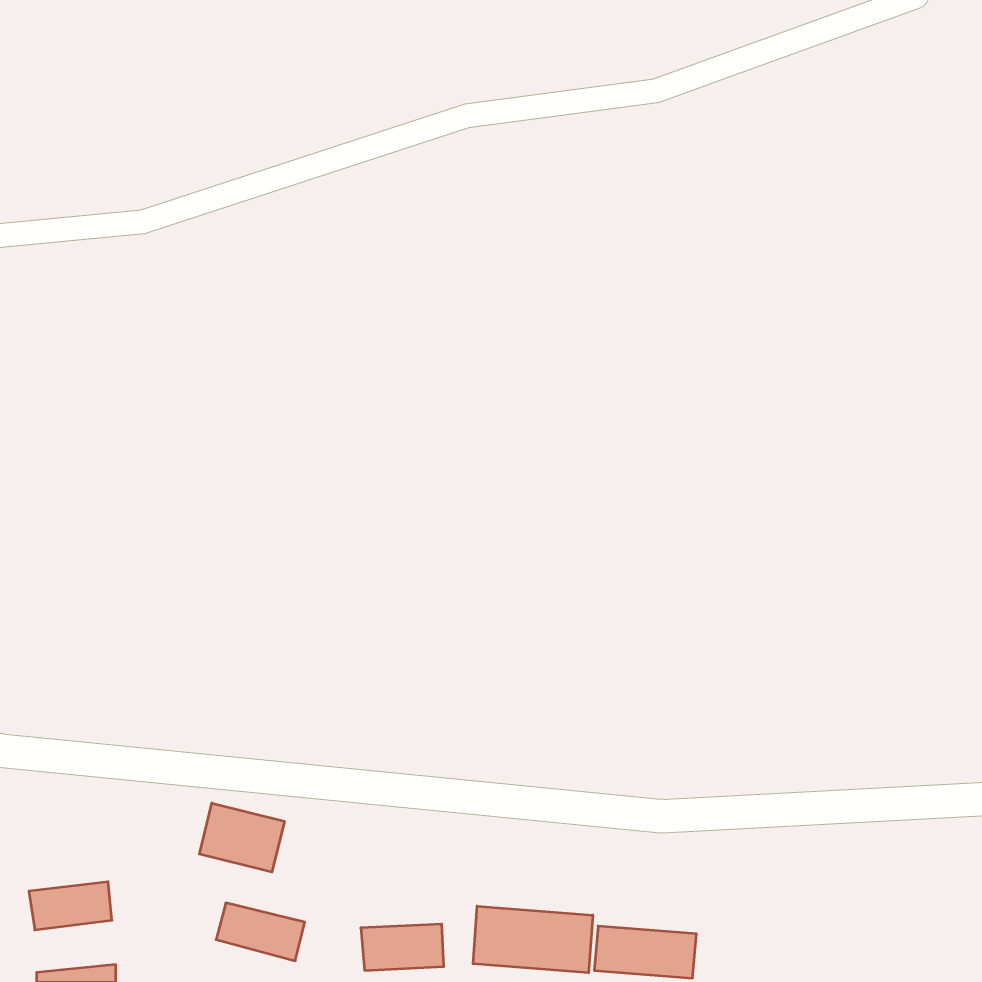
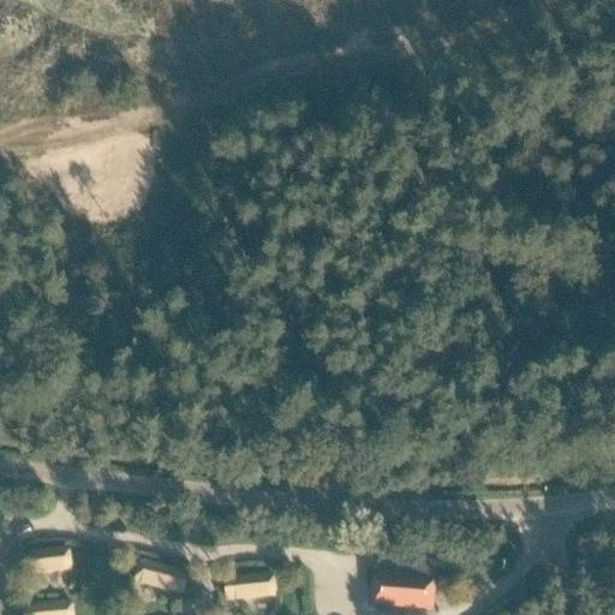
building: [199,803,284,872] -> none
building: [473,906,593,973] -> none

